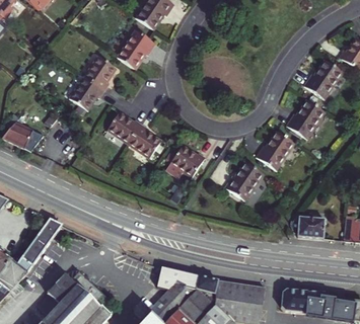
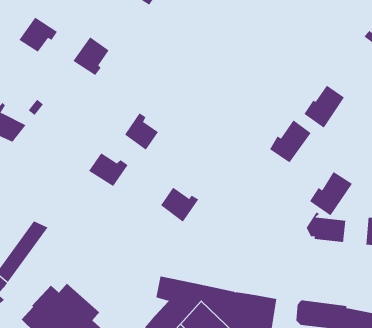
building: [117,28,154,67] -> none
building: [304,59,343,98] -> none
building: [69,77,103,108] -> [19,17,58,52]
building: [106,111,142,142] -> [88,152,128,187]
building: [170,144,205,175] -> [160,187,199,222]
building: [225,160,264,199] -> [309,171,353,216]

